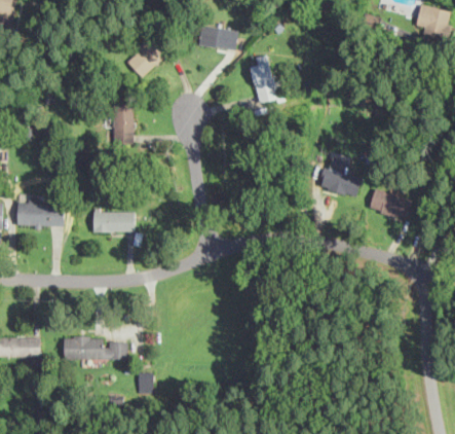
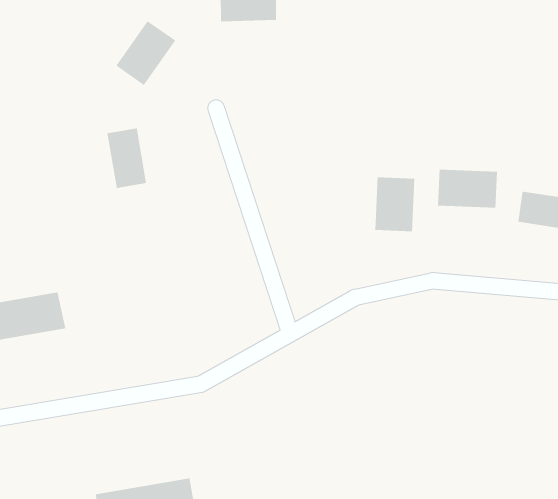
building: [249,59,278,104] -> none
building: none -> [375,176,415,232]
building: [93,210,134,232] -> none

